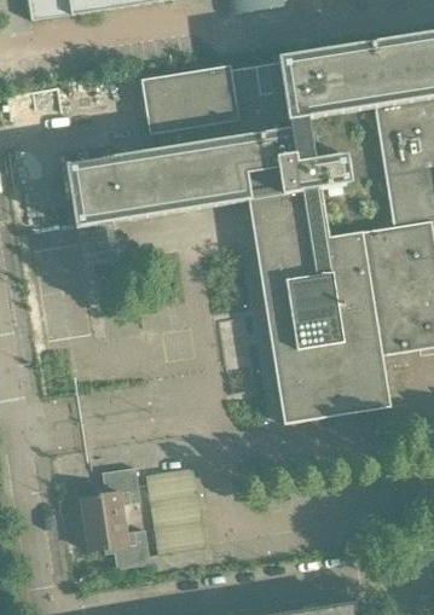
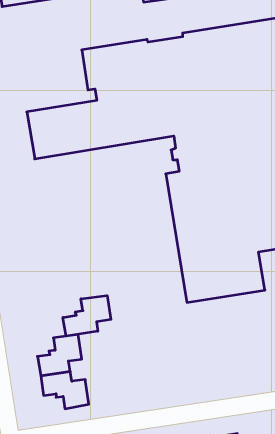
building: none -> [63,296,111,336]

